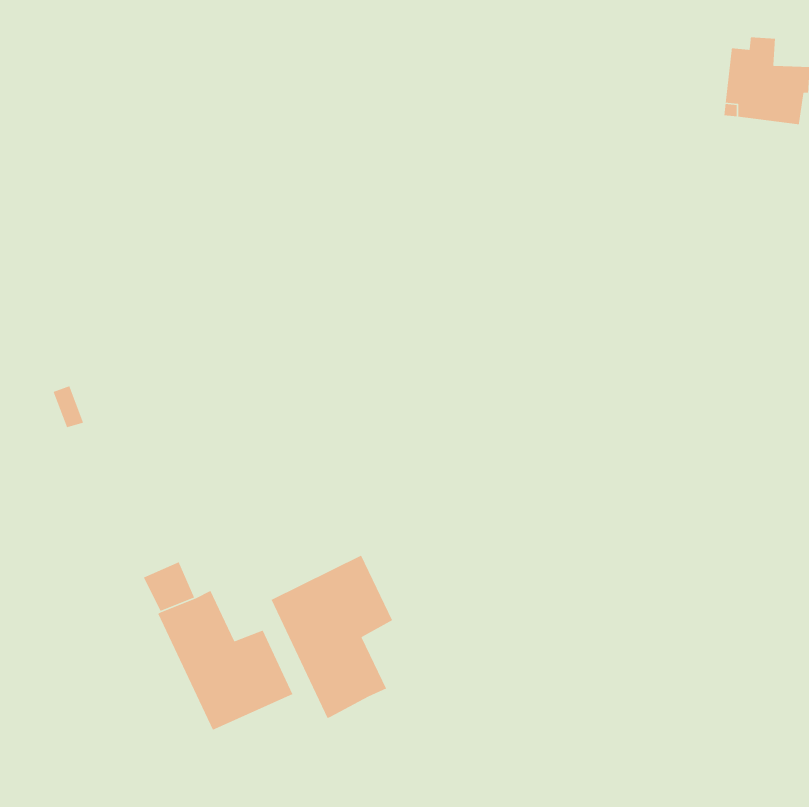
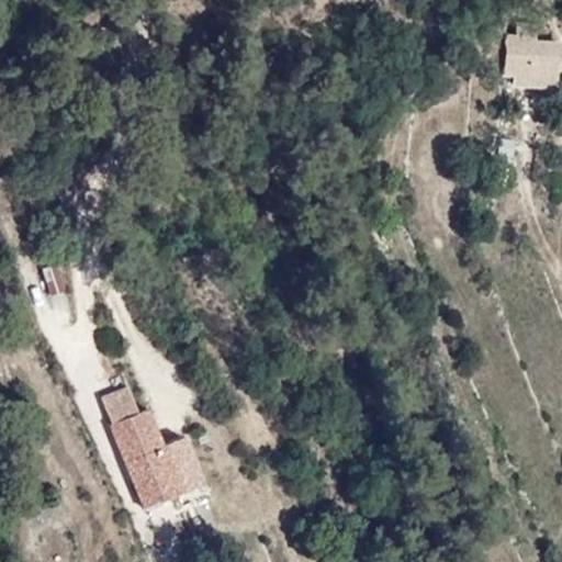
building: [270,555,393,719] -> none

